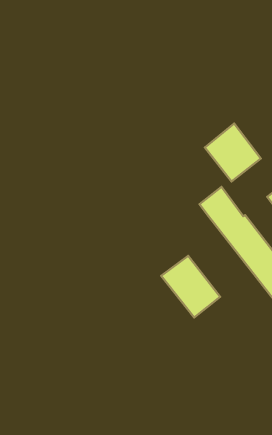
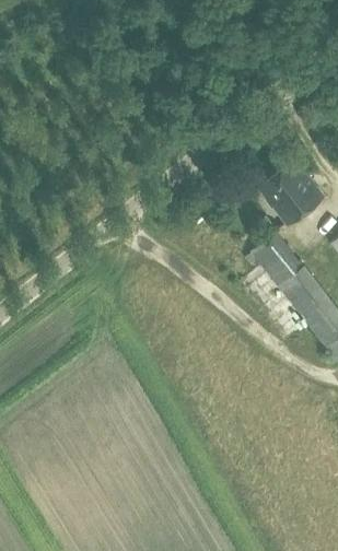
building: [161,256,220,317] -> none

